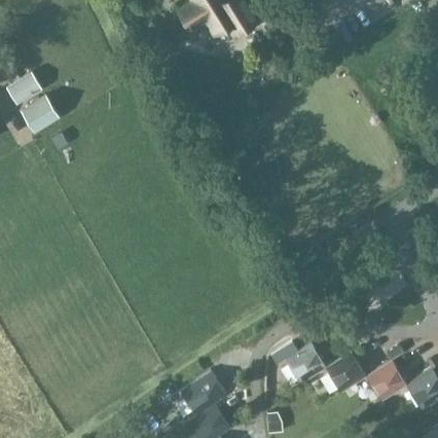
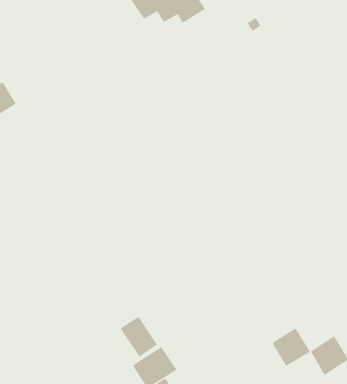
building: none -> [120,316,158,357]
building: [285,342,326,385] -> none

